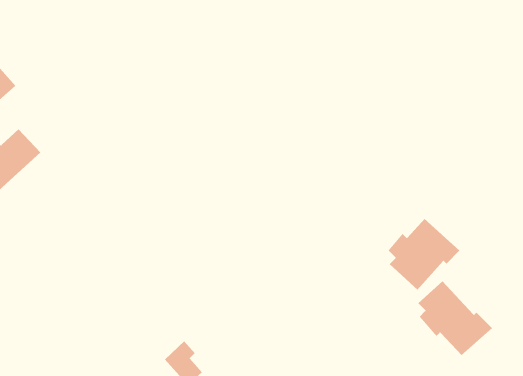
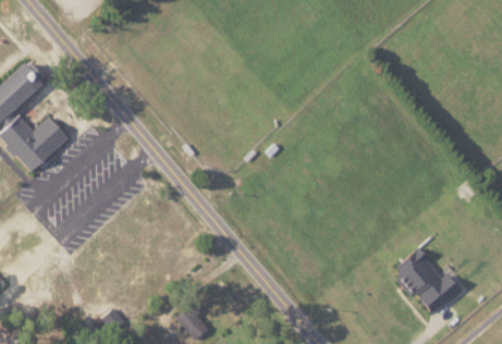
building: [388,218,460,291] -> none

